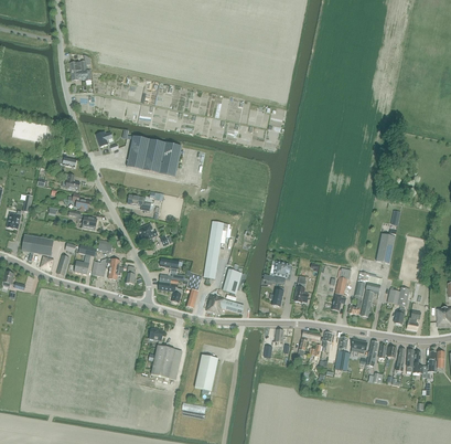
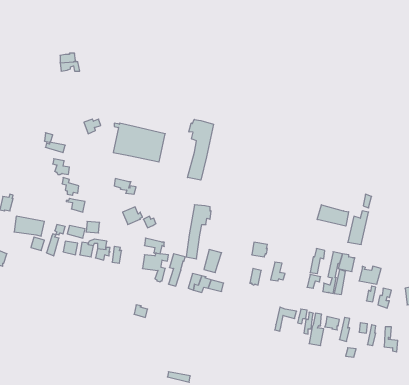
building: none -> [188,119,214,180]
building: none -> [317,205,349,226]
building: [151,345,182,380] -> none
building: [195,355,218,392] -> none

